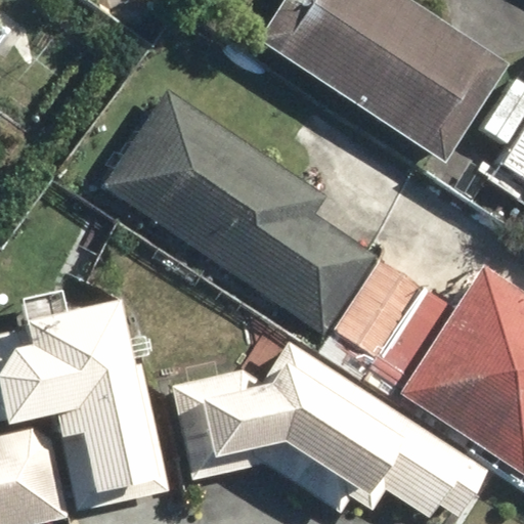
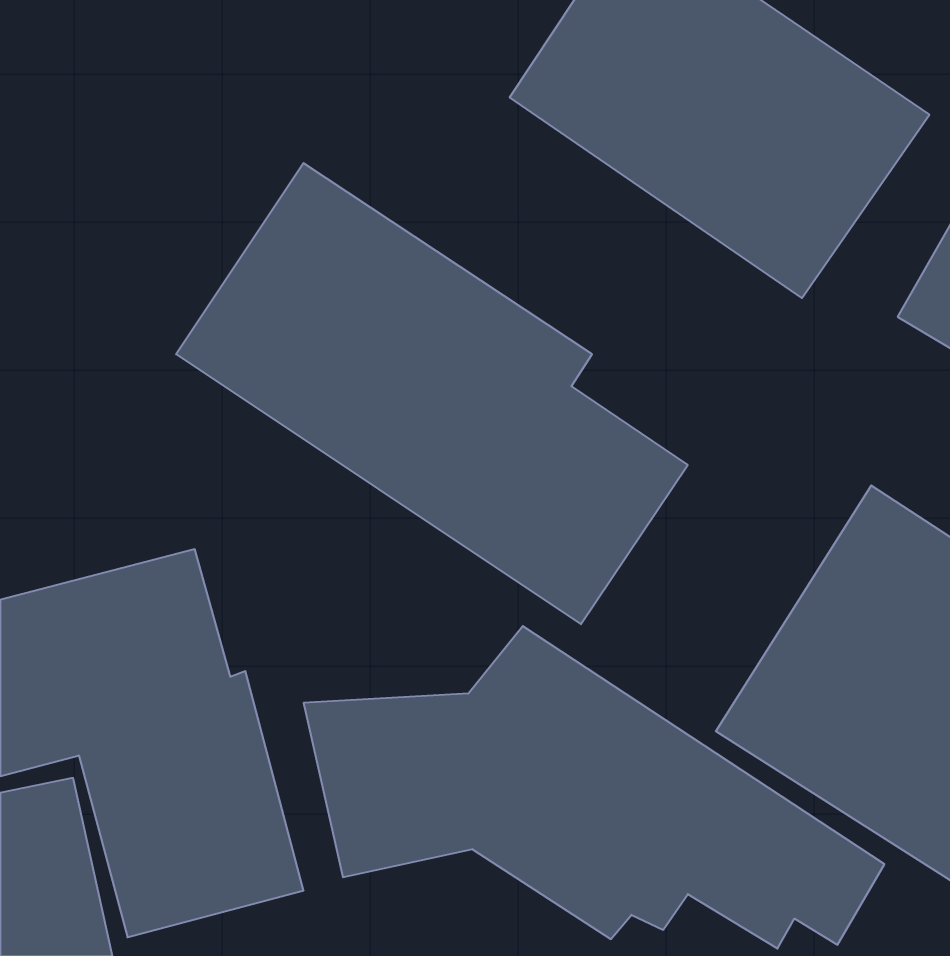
building: [333,248,456,378] -> none

